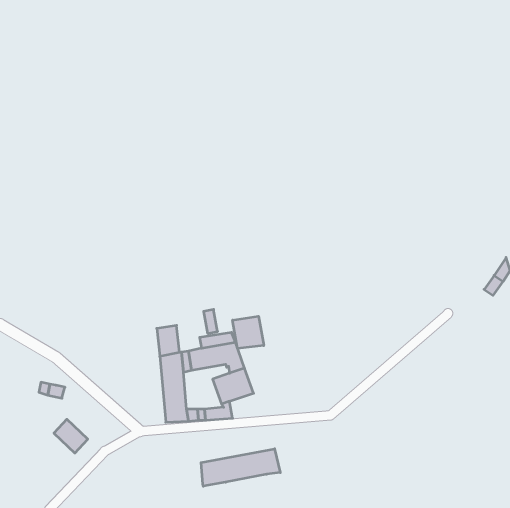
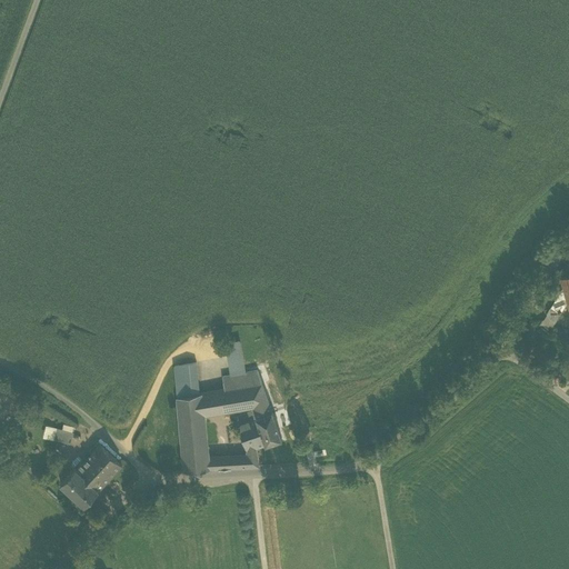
building: [233,316,264,348] -> none
building: none -> [74,447,121,491]
building: [201,449,280,486] -> none

